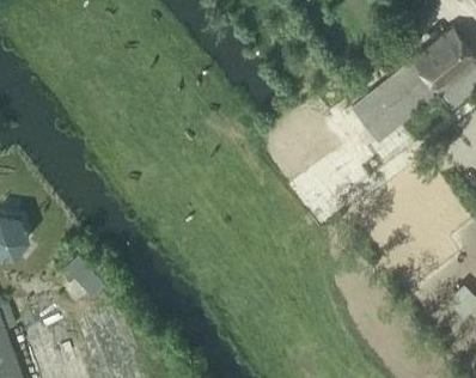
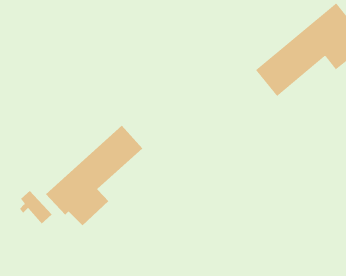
building: none -> [45,125,143,226]

